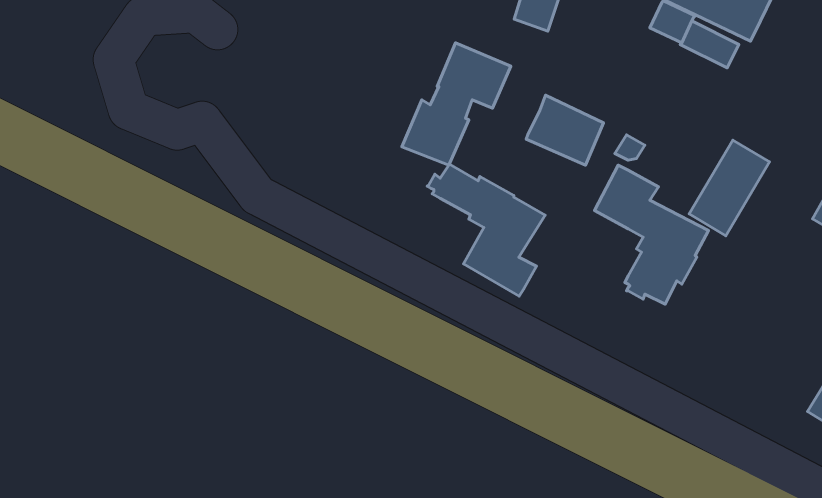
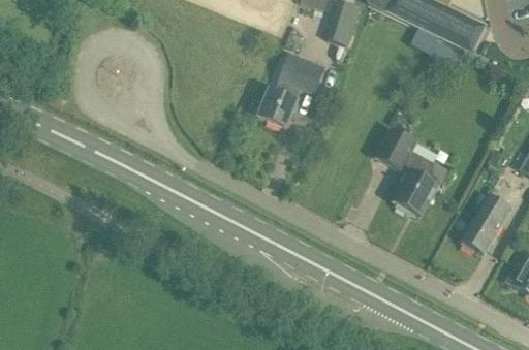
building: [526,95,604,165] -> none
building: [689,140,770,236] -> [461,194,510,253]
building: [427,164,545,296] -> none

